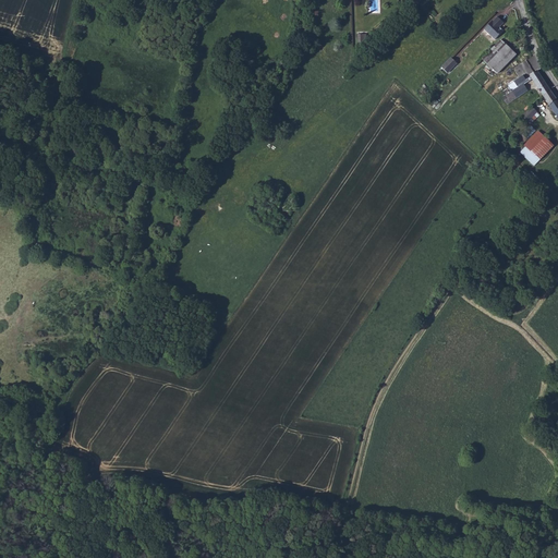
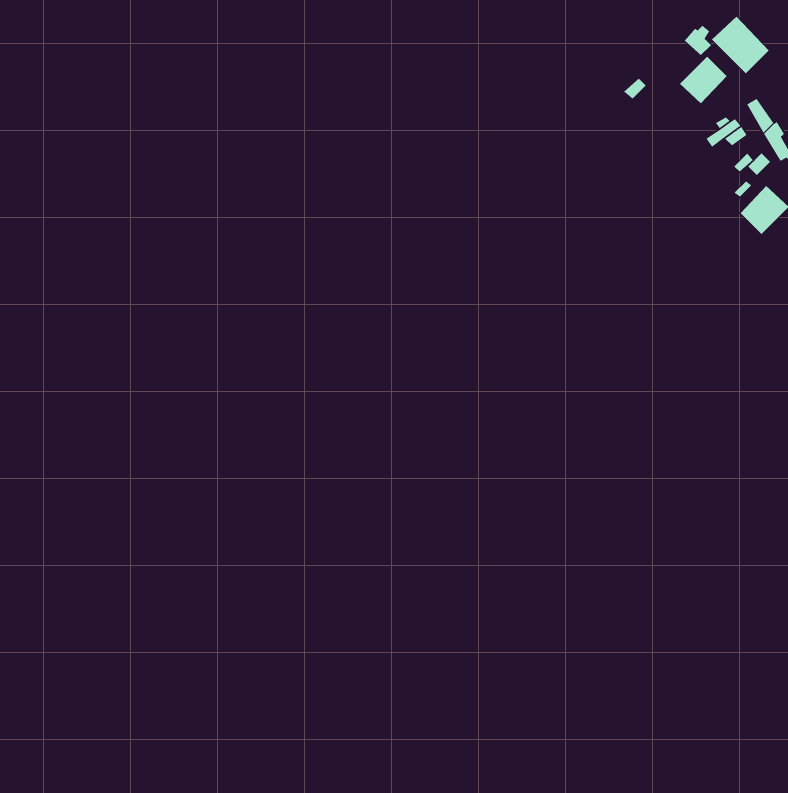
building: none -> [711,16,769,74]

